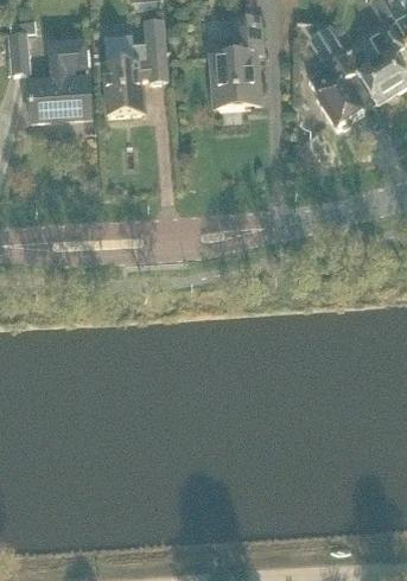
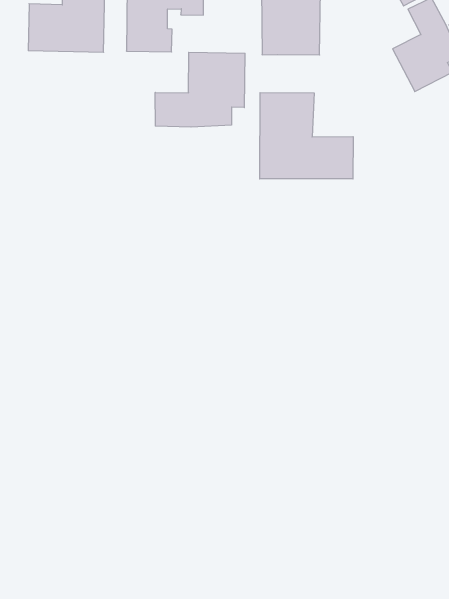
building: none -> [155,52,245,127]
building: none -> [260,93,353,179]

